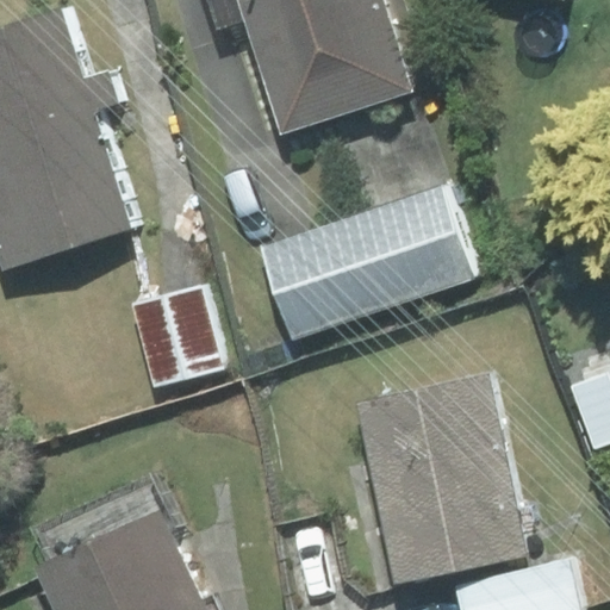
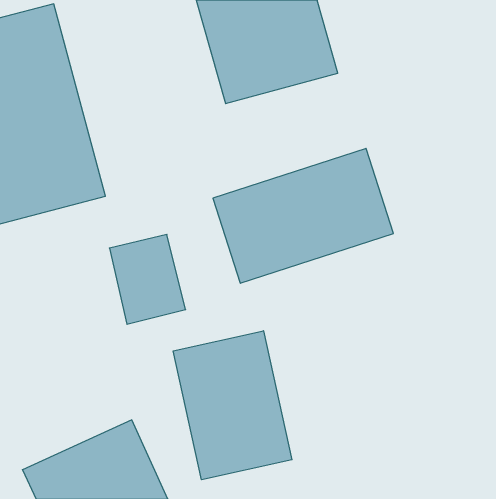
building: [357,372,527,589] -> none
building: none -> [173,331,292,480]

